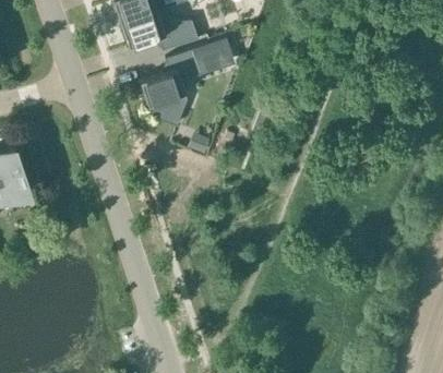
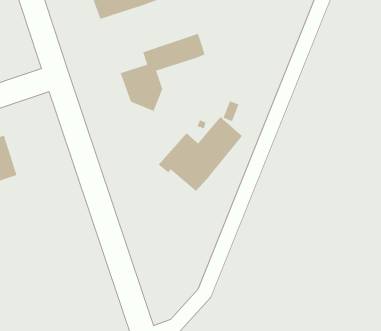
building: [120,10,200,52] -> none
building: none -> [158,116,243,192]

